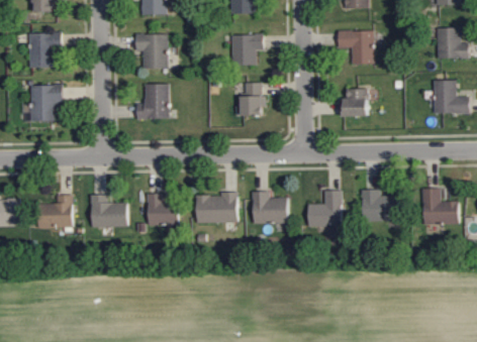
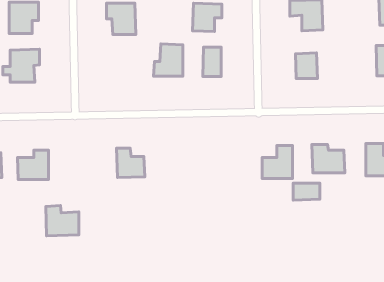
building: [136,84,169,119] -> [154,44,183,76]
building: [196,192,237,224] -> none
building: [252,192,287,224] -> none
building: [90,195,126,228] -> [46,206,79,236]
building: none -> [293,183,320,200]

